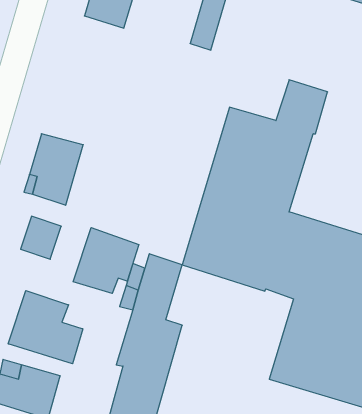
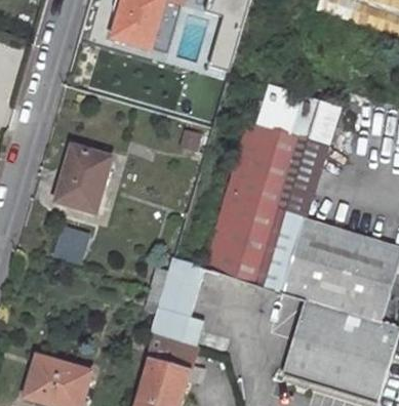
building: [73,228,139,293] -> none
building: [8,291,83,364] -> none

